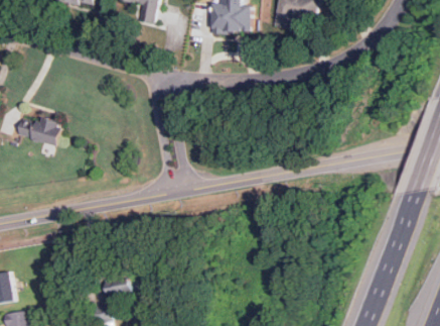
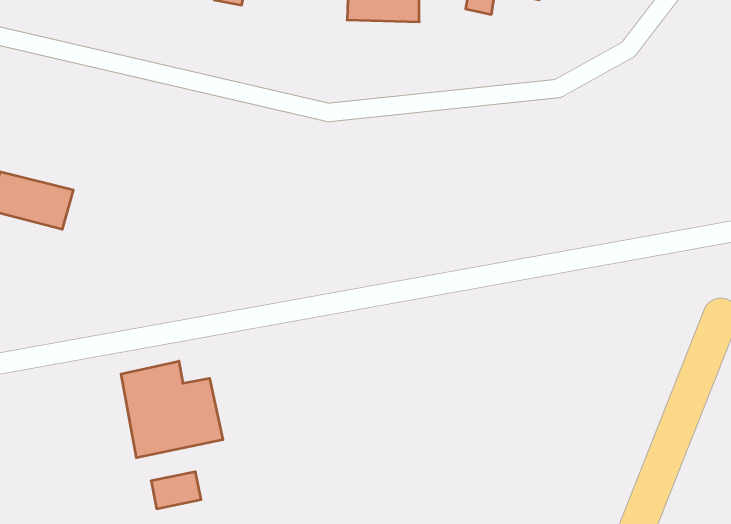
building: none -> [121,361,223,458]

